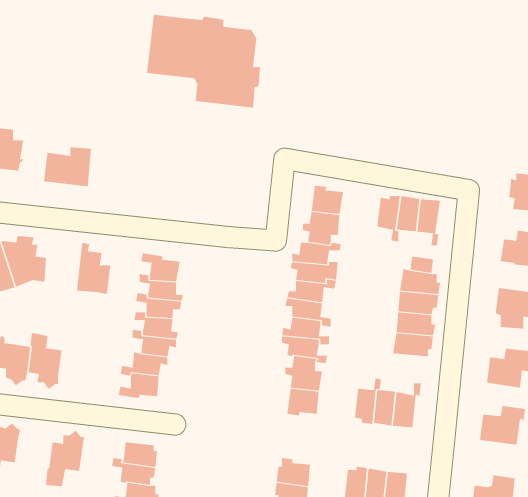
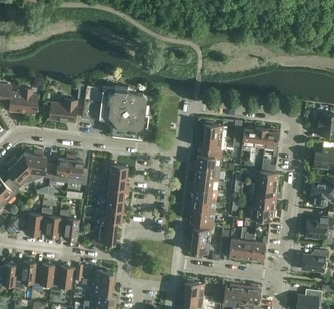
building: [146,14,261,108] -> [82,84,148,138]
building: none -> [49,154,71,183]
building: none -> [58,210,79,242]
building: none -> [32,261,54,291]

